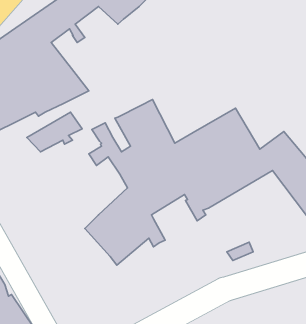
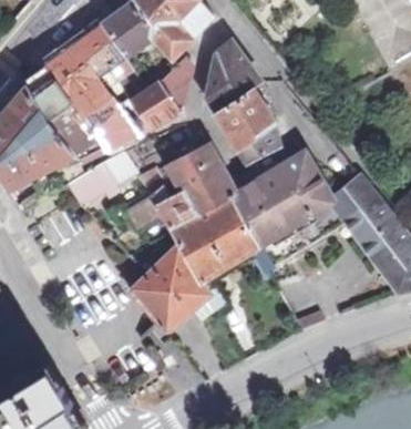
building: none -> [206,42,275,163]
building: none -> [127,58,192,126]

